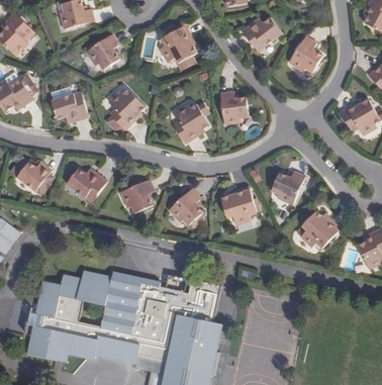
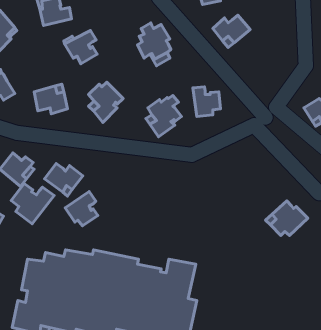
building: [289,36,324,72] -> none
building: [271,172,305,204] -> none
building: [117,178,152,214] -> [65,192,98,226]
building: [219,188,254,227] -> none
building: [168,189,203,227] -> none
building: none -> [11,183,54,224]

